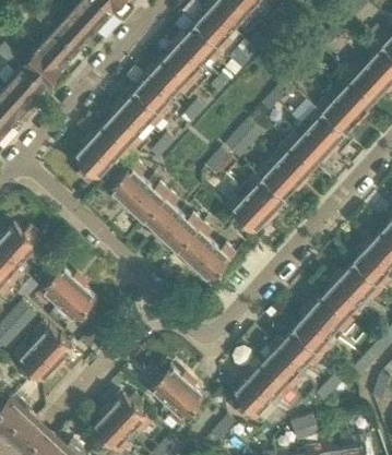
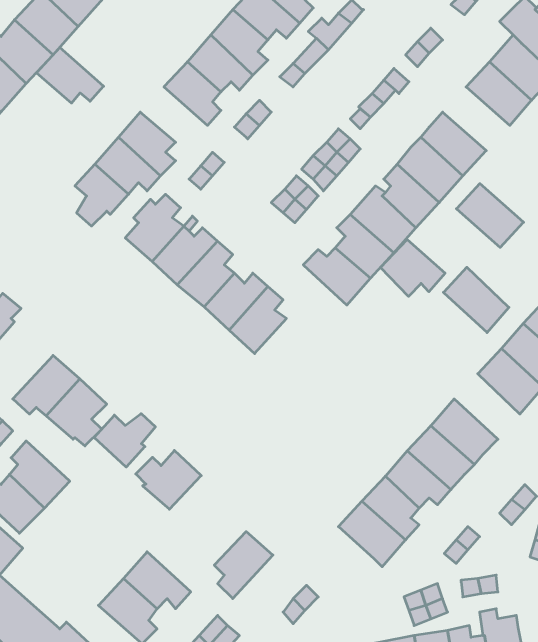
building: [118,93,162,129] -> [36,48,104,103]
building: [314,93,358,134] -> [456,184,524,247]
building: none -> [380,240,445,296]
building: [192,243,236,282] -> none
building: [322,279,365,322] -> [443,267,509,333]
building: none -> [94,414,155,467]
building: [144,366,187,404] -> [136,450,201,509]
building: [231,379,270,421] -> none

